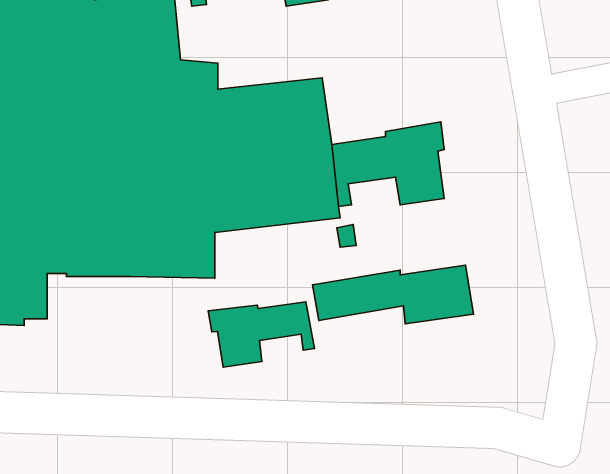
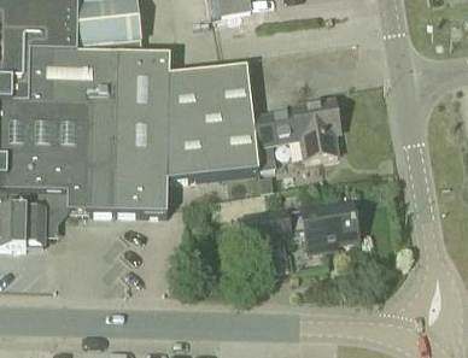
building: [208,302,315,367] -> none

